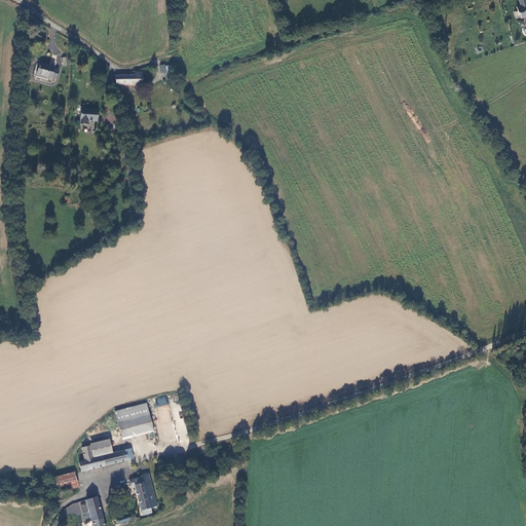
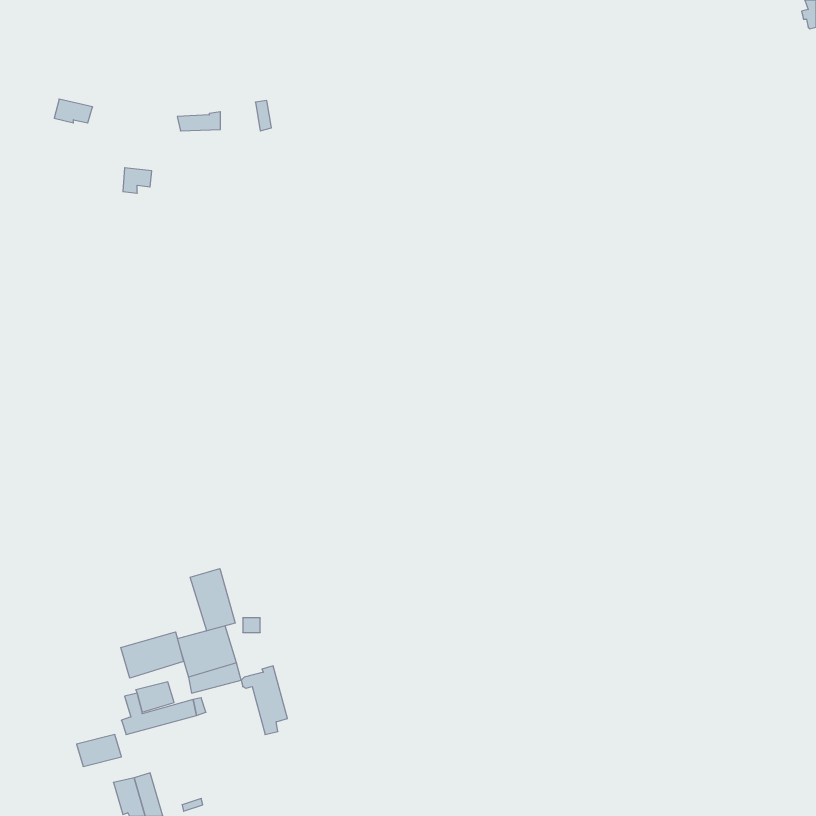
building: none -> [190,569,235,631]
building: none -> [121,632,183,678]
building: [127,472,157,516] -> [241,666,287,735]

